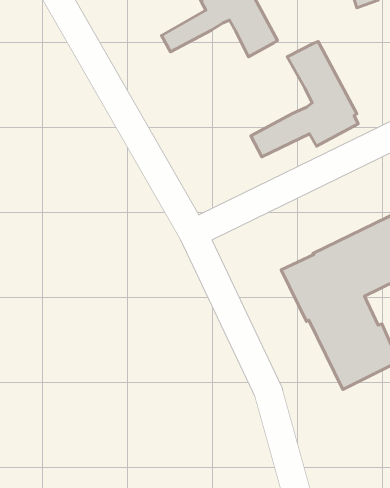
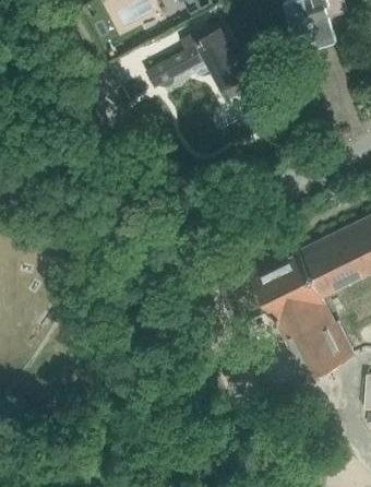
building: [251,41,358,157] -> none

